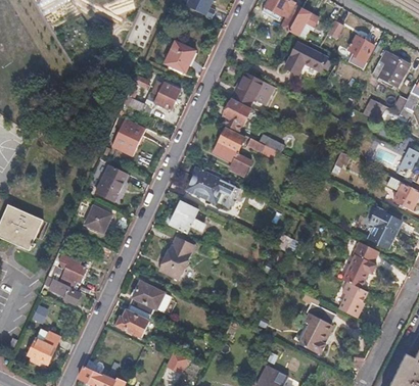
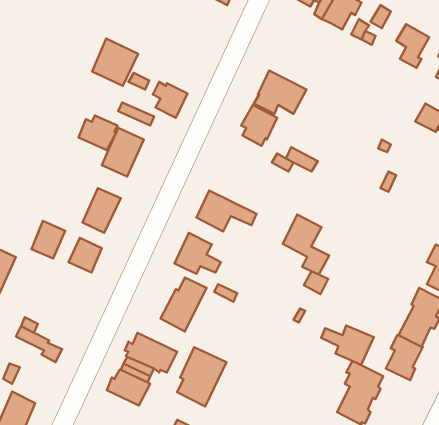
building: [162,39,199,77] -> [92,38,138,86]
building: [285,43,334,74] -> none
building: none -> [79,115,118,150]
building: [215,128,251,176] -> [283,214,329,275]
building: none -> [32,221,65,258]
building: [59,254,85,288] -> none
building: none -> [321,326,374,365]
building: none -> [177,347,227,406]

